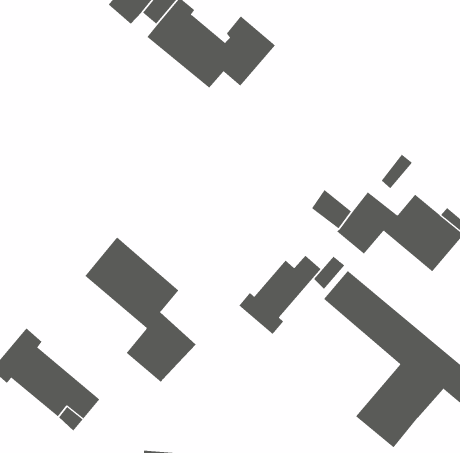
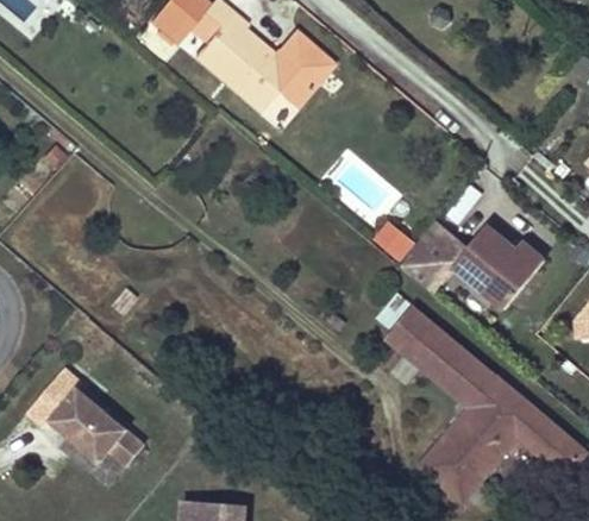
building: [84,237,196,383] -> none
building: [239,255,322,335] -> none

